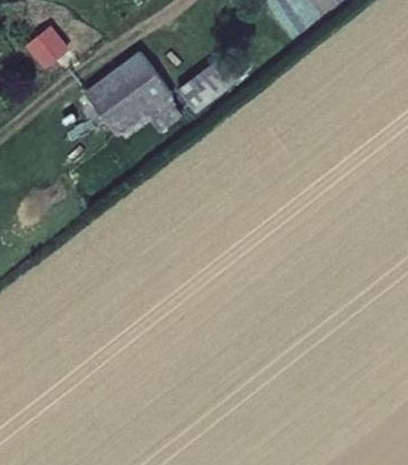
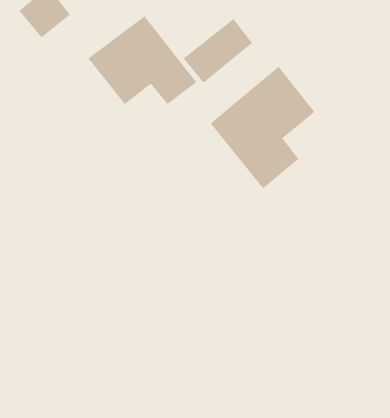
building: none -> [210,66,315,189]

